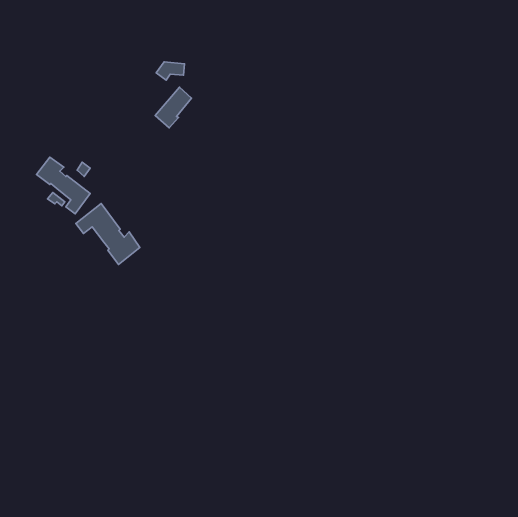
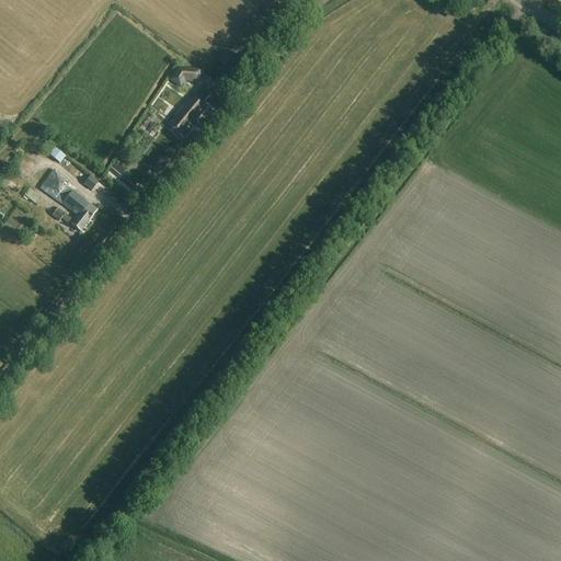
building: [76,204,140,265] -> none

